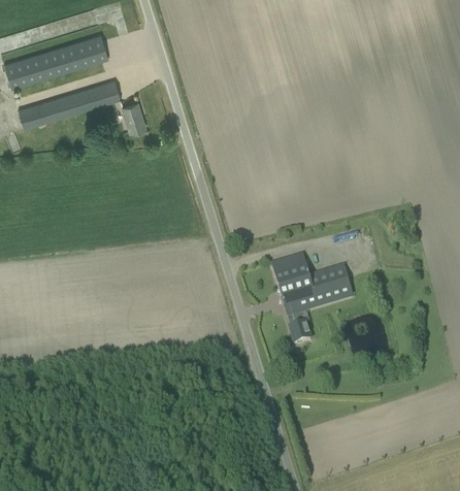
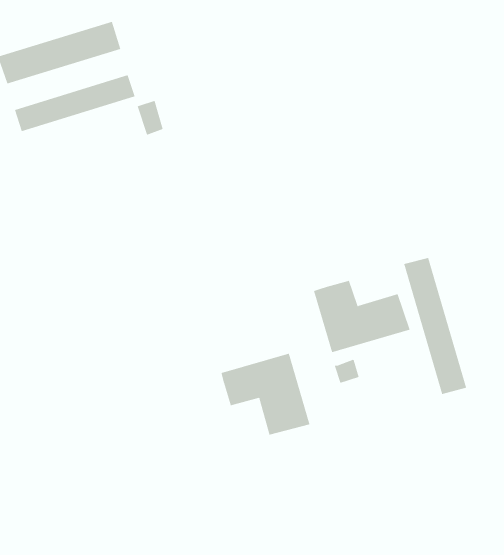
building: none -> [404,257,467,395]
building: none -> [221,353,310,435]

